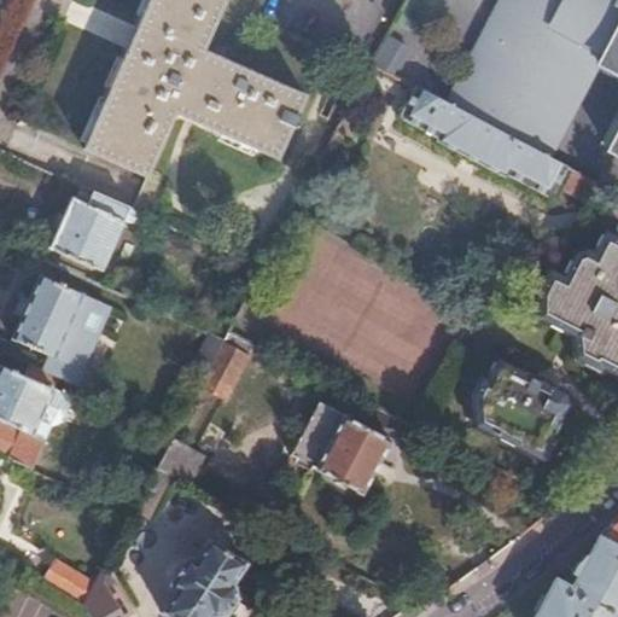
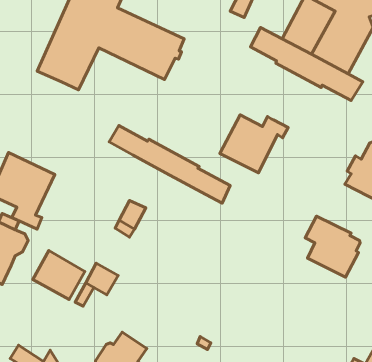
building: [49,185,130,269] -> none
building: none -> [220,115,288,173]
building: none -> [109,126,230,203]
building: [291,401,391,493] -> none
building: none -> [33,250,85,299]

